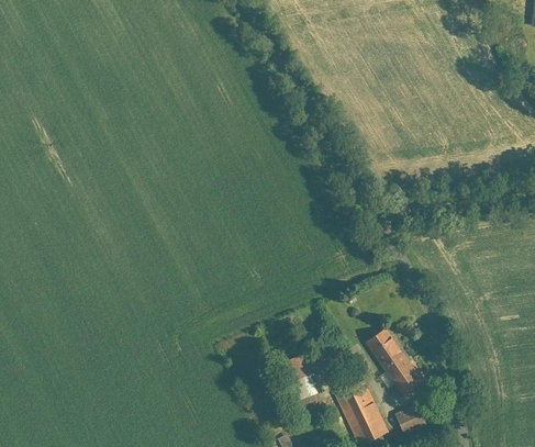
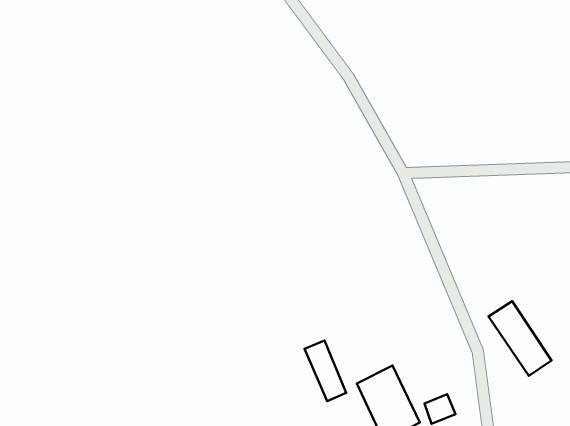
building: [365,327,423,396] -> [488,301,551,376]

